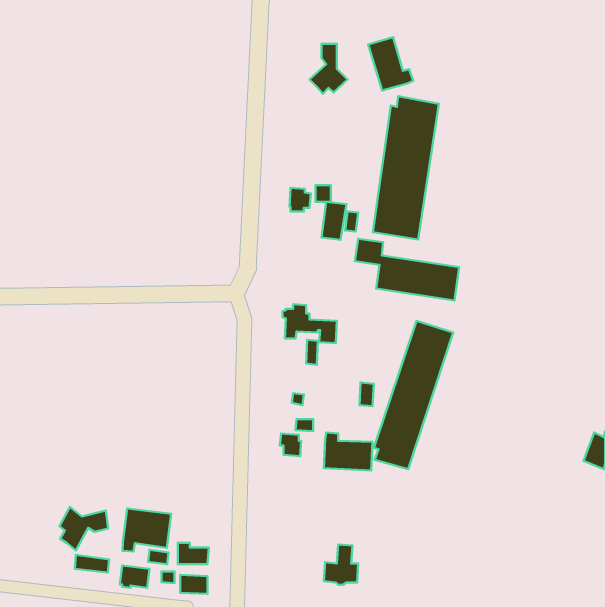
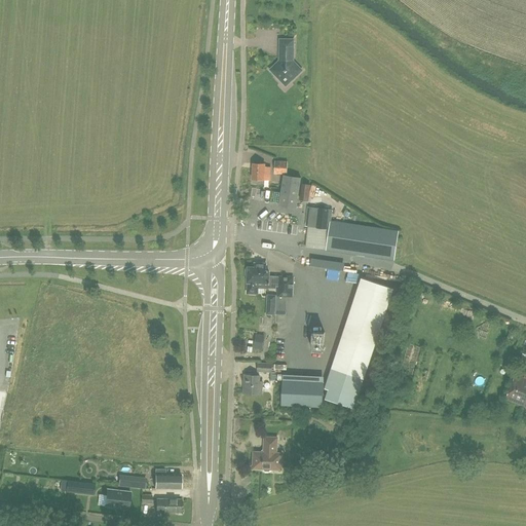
building: [368,37,413,91] -> none
building: [373,96,439,239] -> none
building: [60,507,108,551] -> none
building: [123,508,171,551] -> none
building: [324,544,358,585] -> [252,437,281,472]

